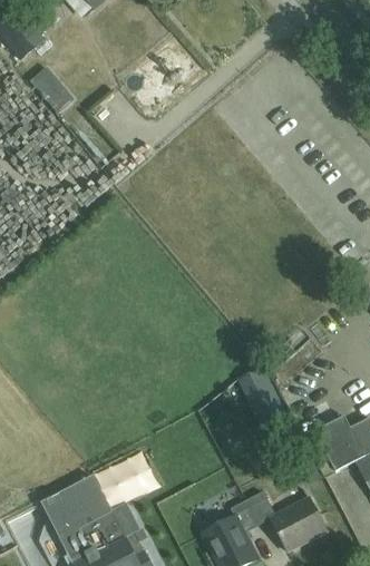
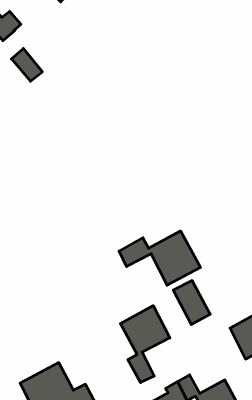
building: none -> [119,231,200,285]
building: none -> [120,306,170,383]

